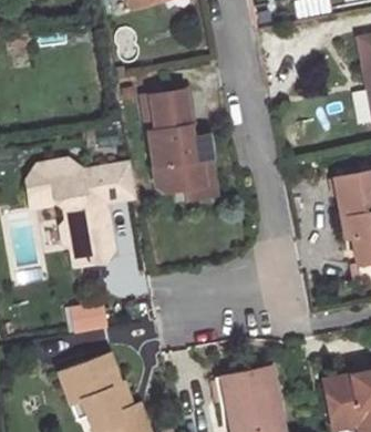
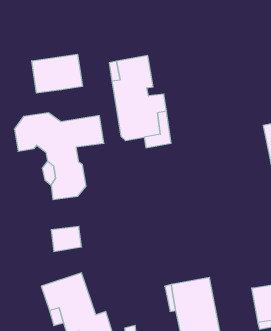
building: none -> [32,54,82,93]

